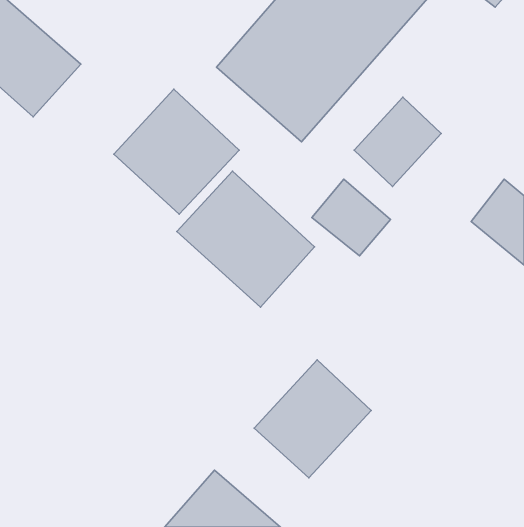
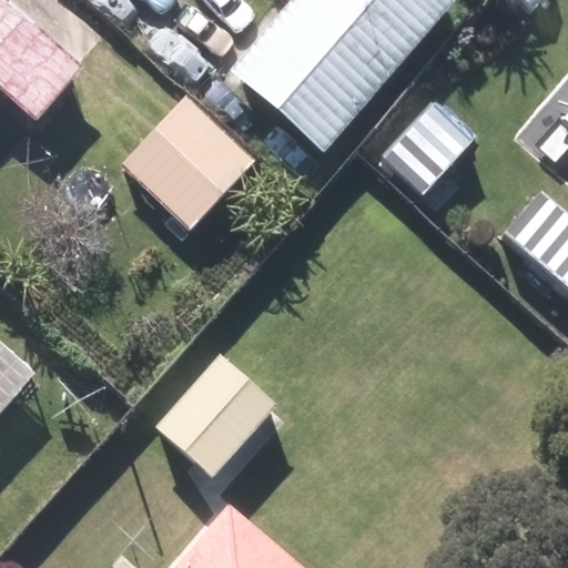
building: [177,171,315,307] -> none
building: [254,360,371,478] -> [154,355,280,481]

